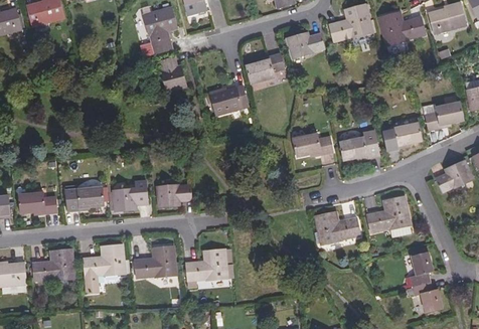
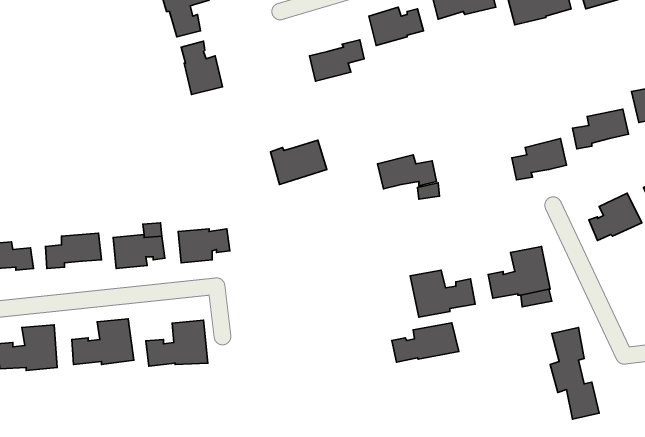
building: [209,85,248,115] -> [271,140,327,184]
building: [339,136,378,159] -> none
building: none -> [392,323,459,362]
building: [186,249,227,280] -> none

